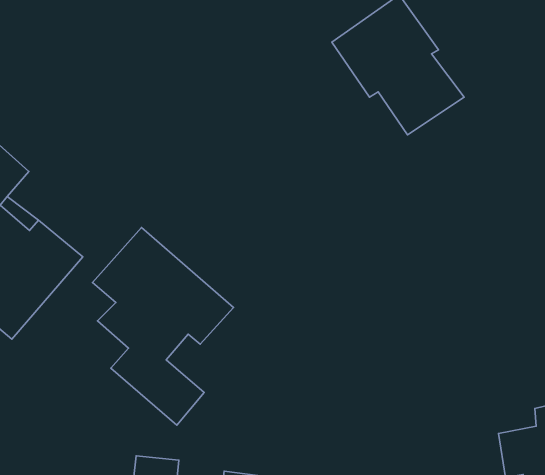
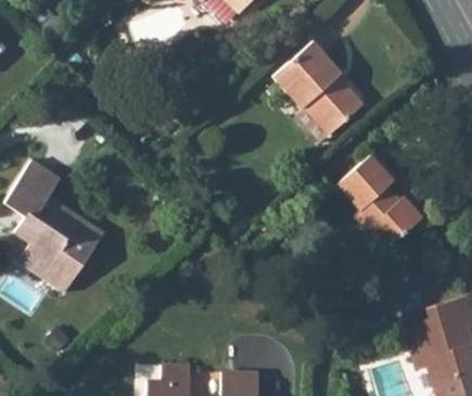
building: none -> [336,150,421,252]
building: [92,228,234,425] -> none

